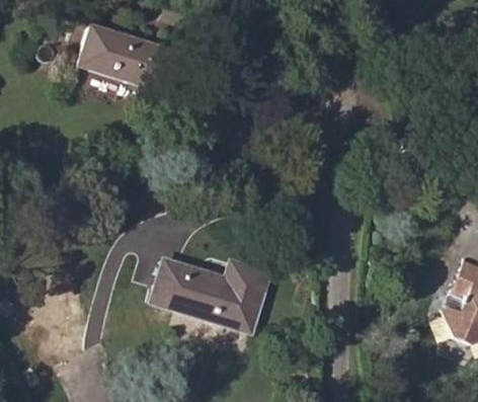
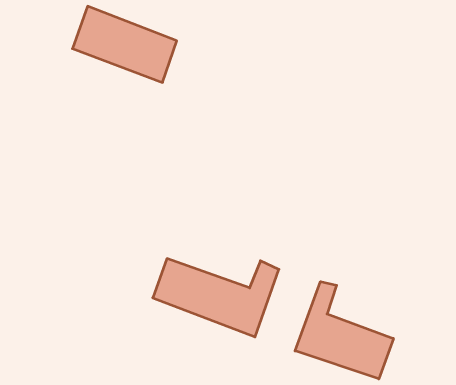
building: none -> [295,282,393,379]

